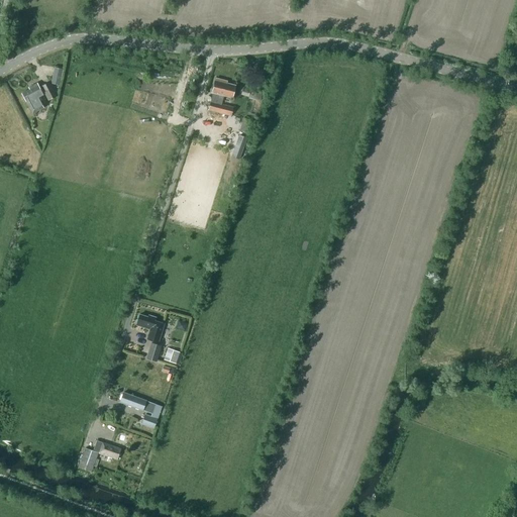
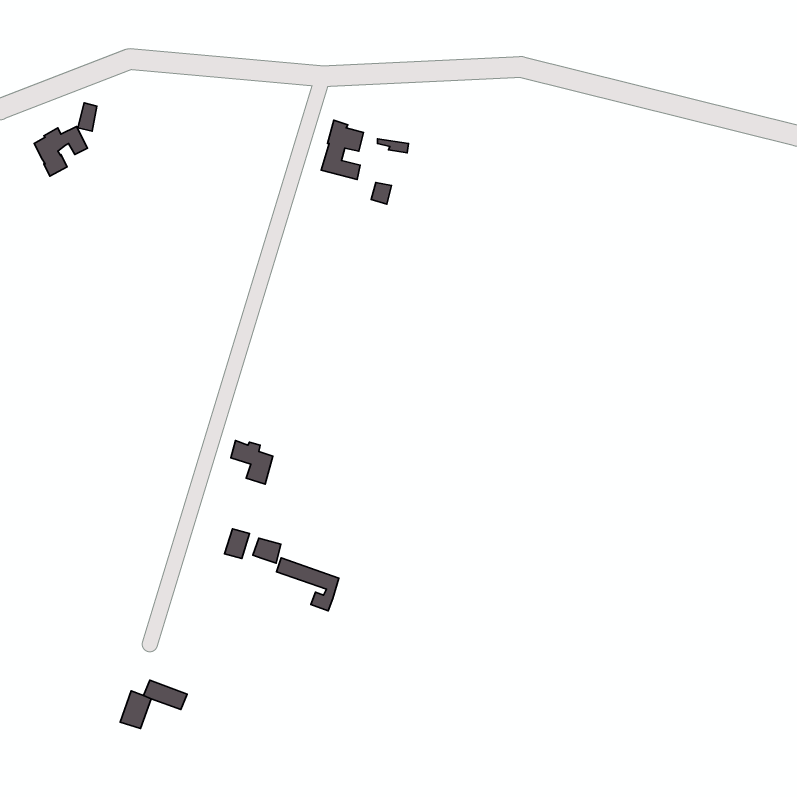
building: [136,314,164,342] -> [231,441,273,484]
building: [120,393,161,427] -> [277,558,339,611]

